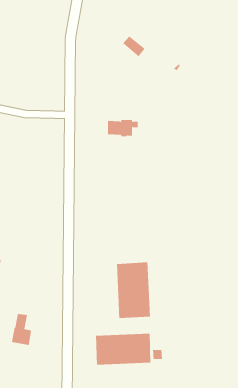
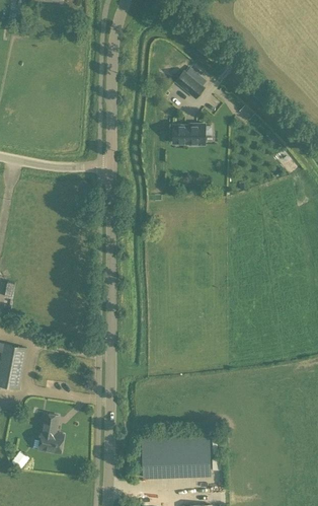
building: [107,120,139,137] -> [172,124,211,145]
building: [116,261,150,319] -> none

